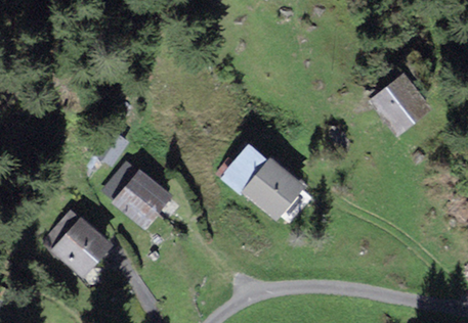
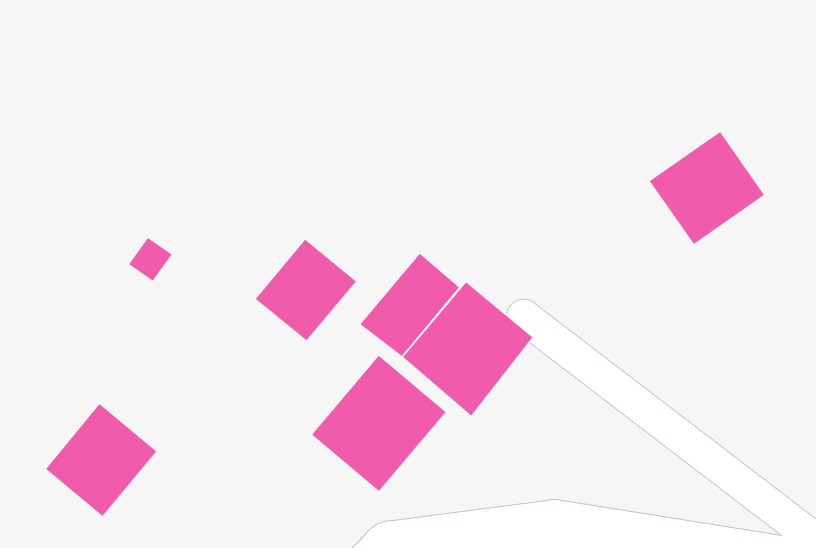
building: [114,171,168,225] -> [255,239,357,341]
building: none -> [311,355,446,492]

